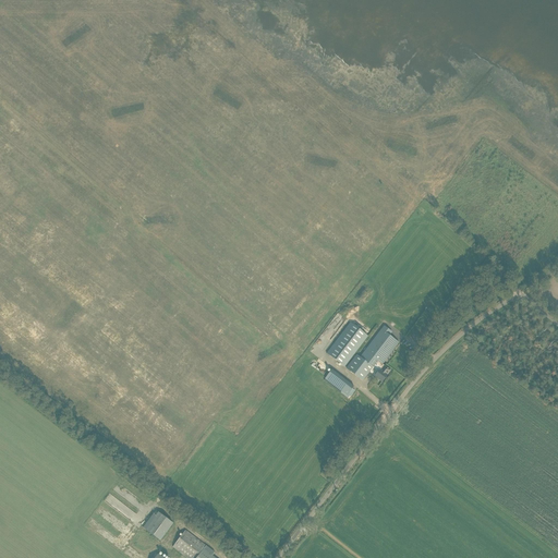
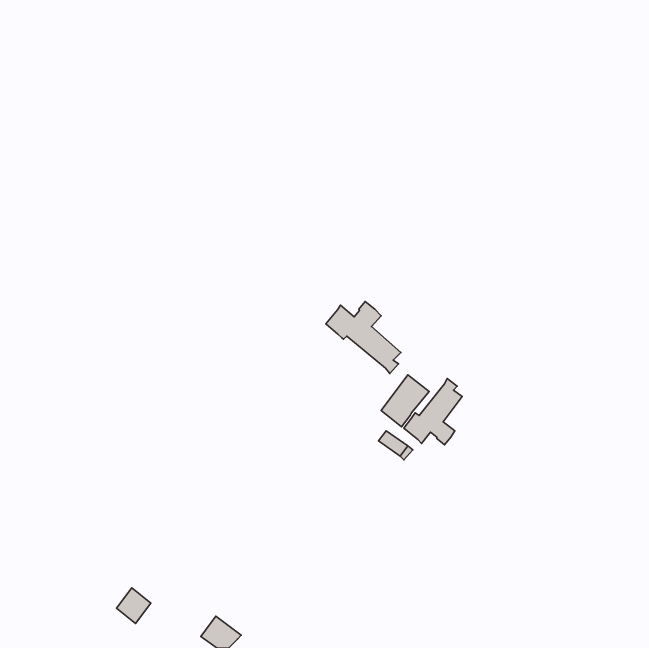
building: none -> [326,301,401,373]
building: [143,509,172,539] -> [116,588,151,623]

